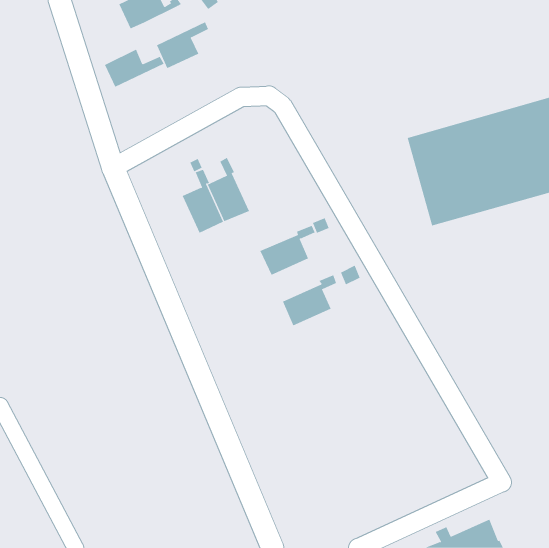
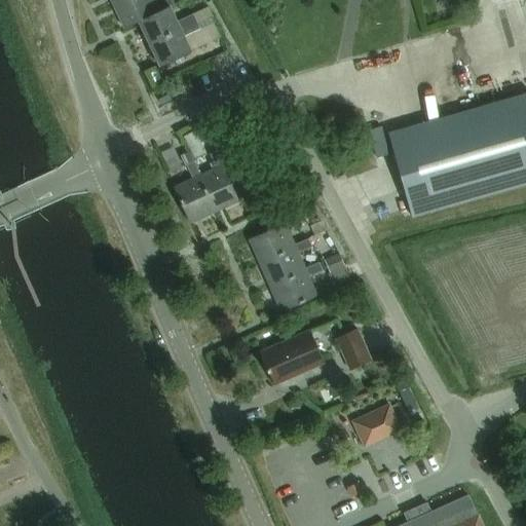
building: [104,49,165,87] -> [140,6,197,43]
building: none -> [260,238,312,288]
building: none -> [336,329,371,370]
building: none -> [260,330,325,384]
building: none -> [358,400,408,443]

